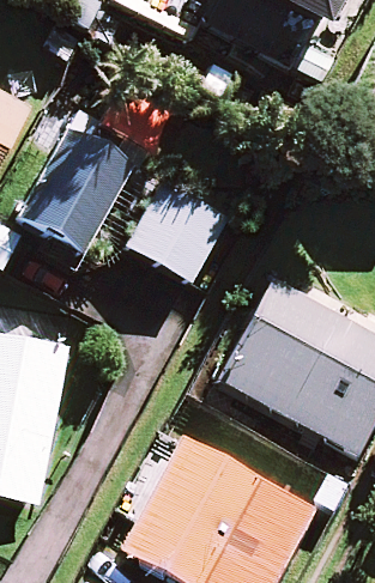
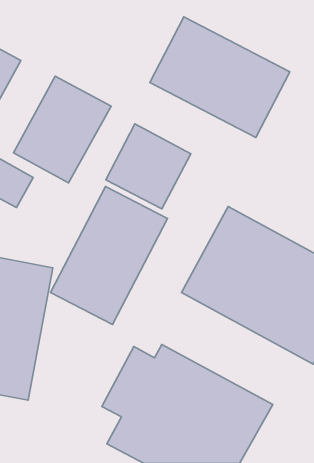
building: none -> [150,17,290,138]
building: none -> [51,187,167,324]

